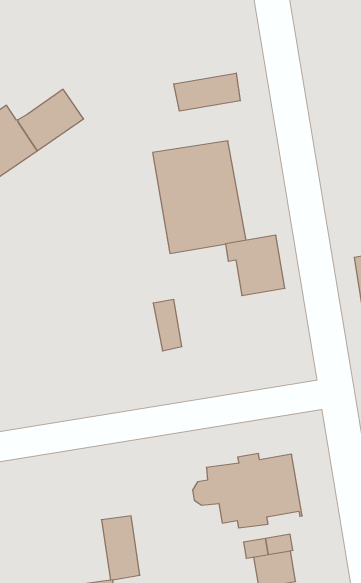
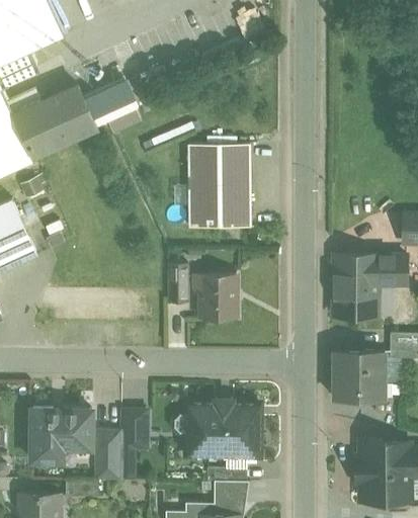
building: [174,73,240,111] -> none
building: [225,235,285,296] -> [194,275,236,319]
building: none -> [121,411,148,481]
building: none -> [31,409,93,461]

